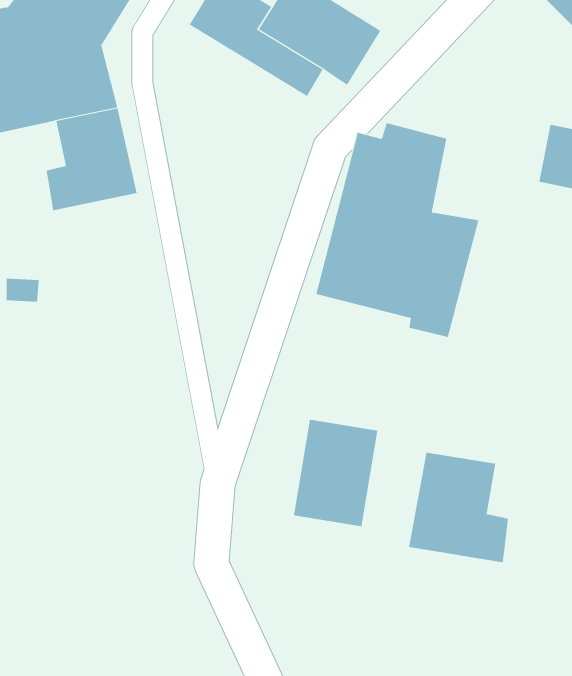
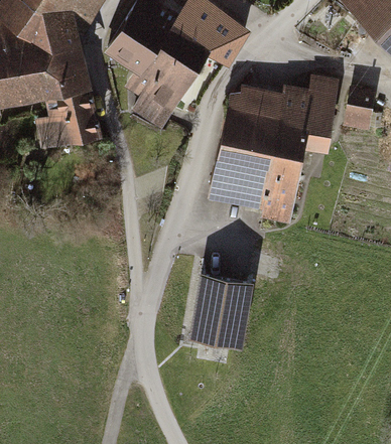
building: none -> [106,25,200,132]
building: none -> [278,78,343,152]
building: [408,452,508,563] -> none

